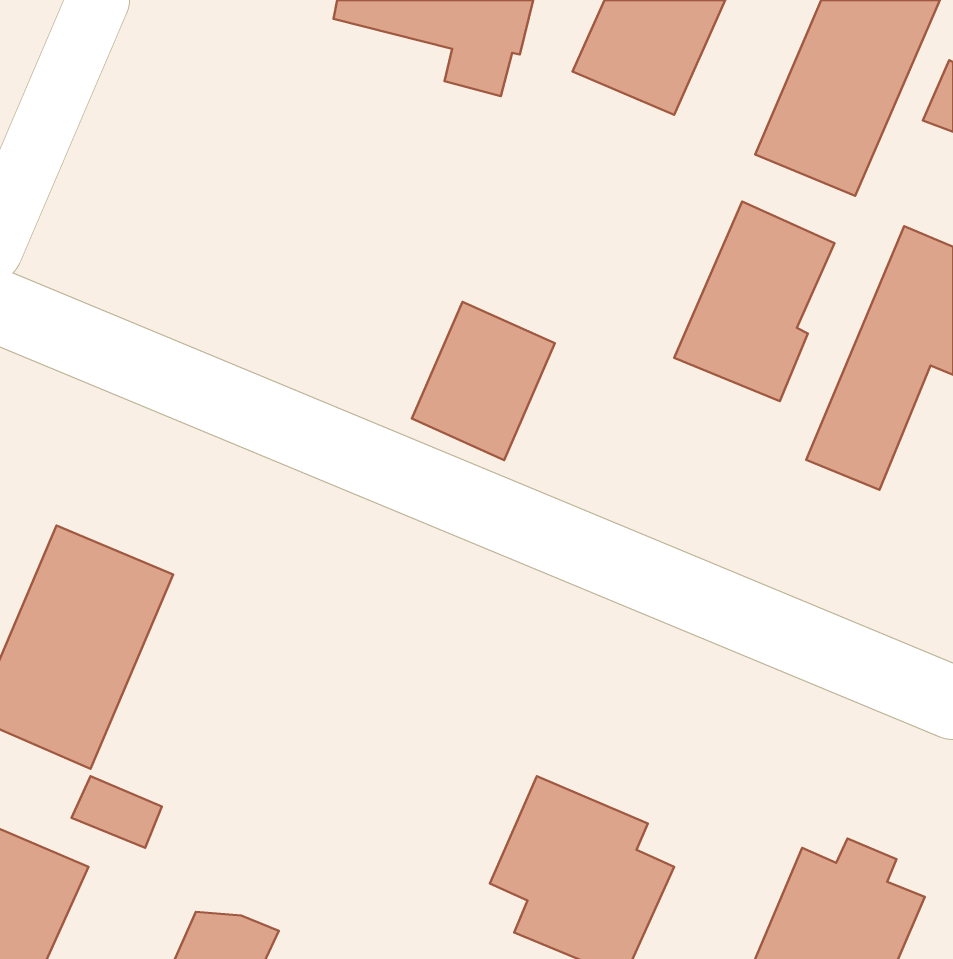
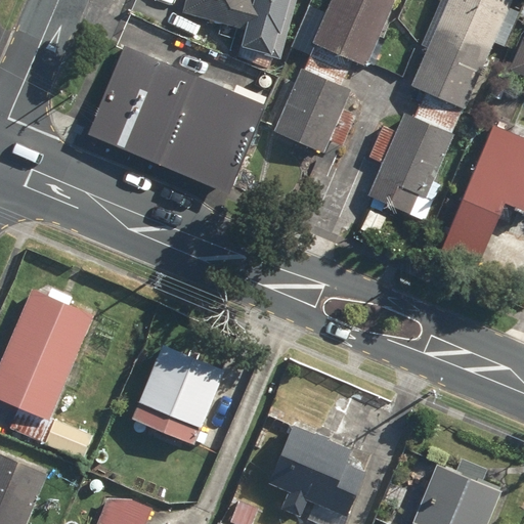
building: none -> [88,46,265,191]
building: [412,302,555,460] -> [273,68,351,154]
building: none -> [130,343,225,445]

